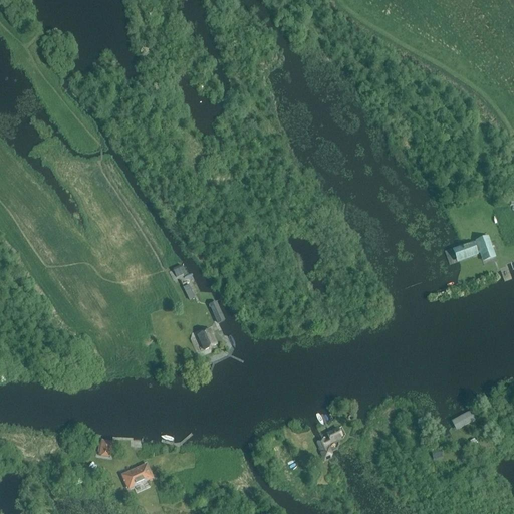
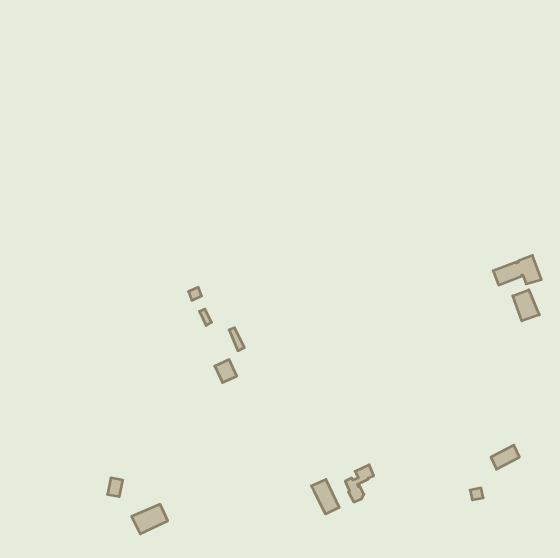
building: none -> [513,290,539,321]
building: none -> [311,479,339,514]

